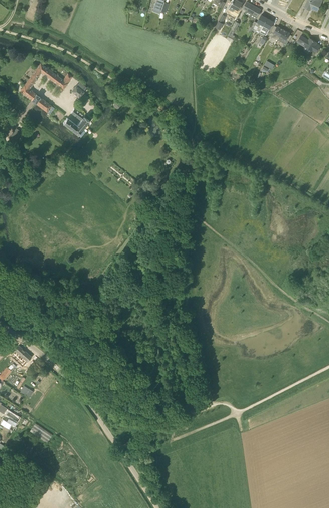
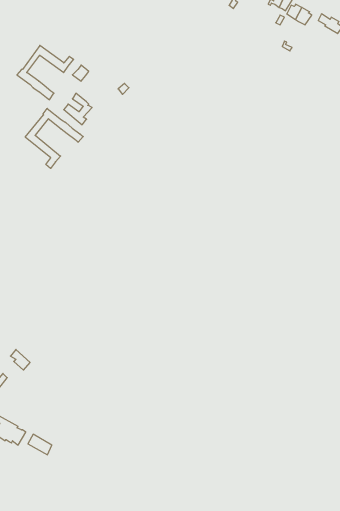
building: none -> [25,108,83,168]

